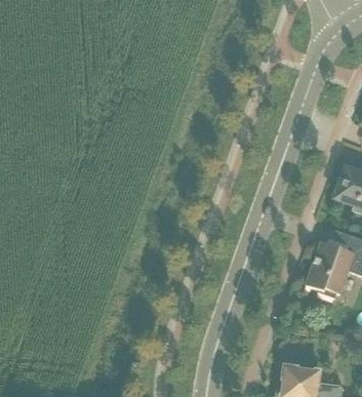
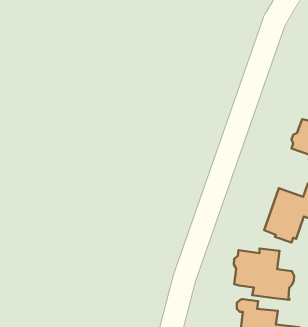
building: none -> [234,248,294,300]

